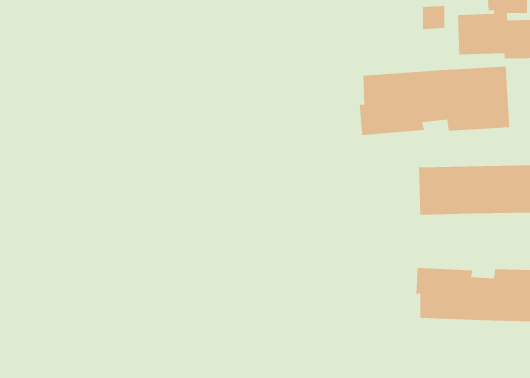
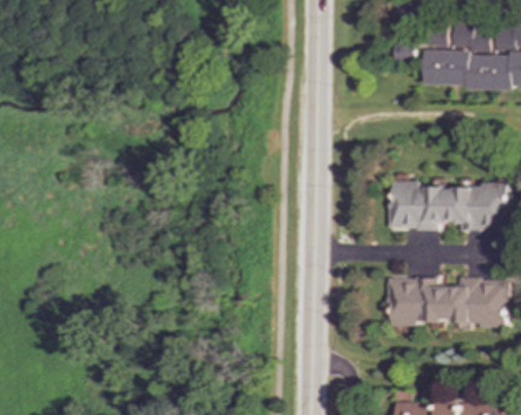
building: [359,66,510,136] -> none

